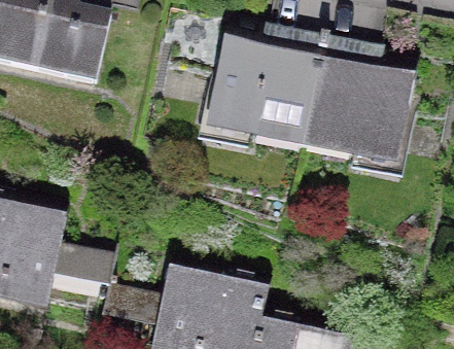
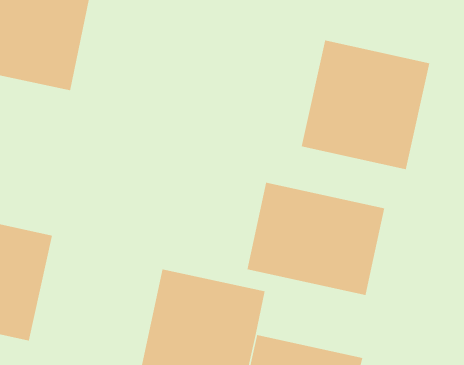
building: [211,23,320,141] -> none
building: none -> [247,182,385,296]

